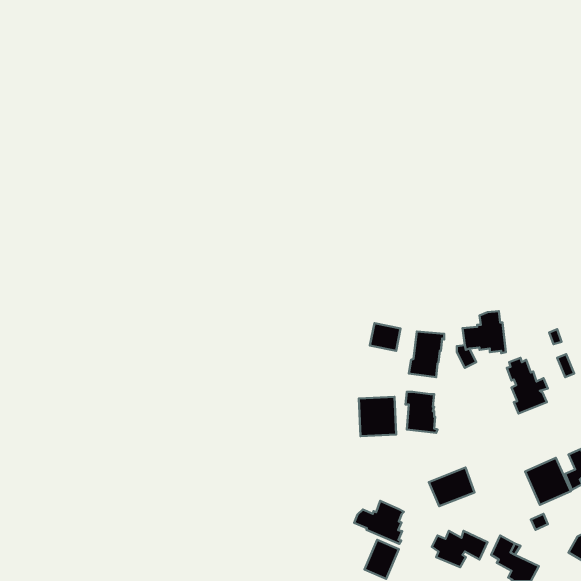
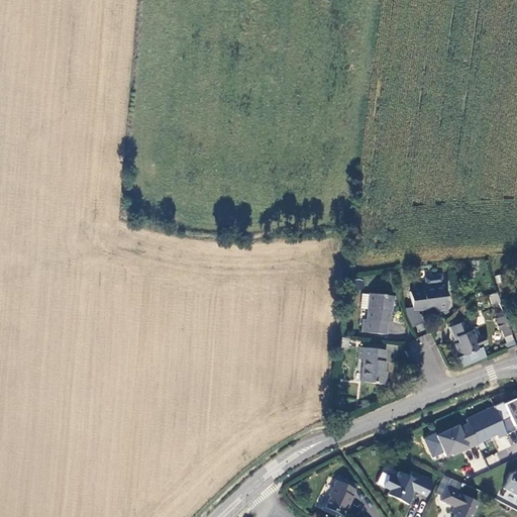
building: [370,323,400,351] -> none
building: [359,397,396,436] -> none
building: [429,467,475,506] -> [435,423,476,457]
building: [354,501,404,544] -> none

